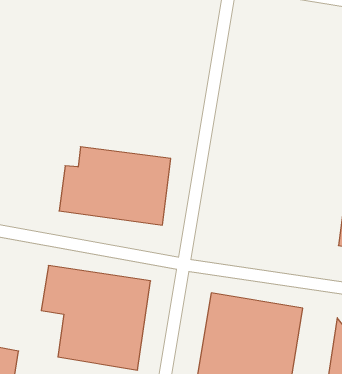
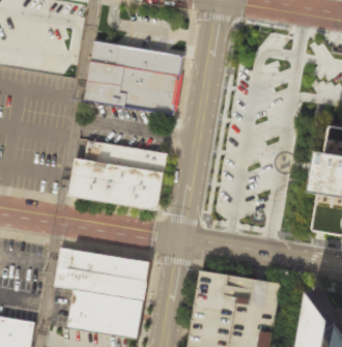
building: none -> [82,41,181,115]

